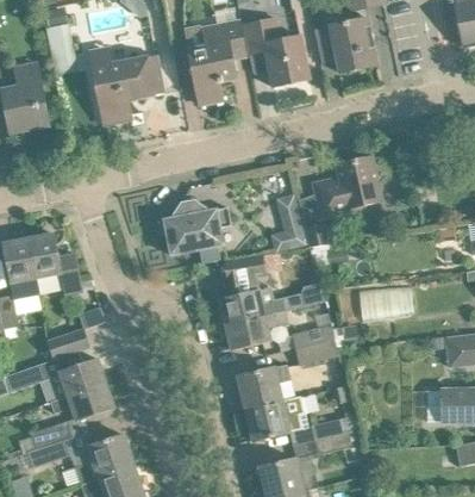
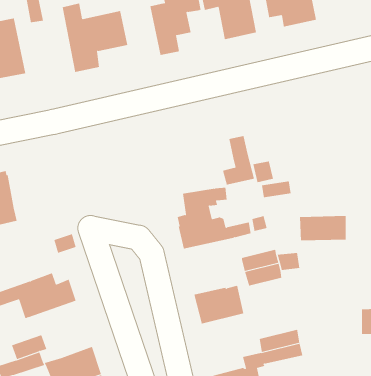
building: [314,156,381,218] -> none
building: [163,199,231,255] -> none
building: [27,234,82,294] -> none
building: [225,311,288,350] -> none
building: [46,329,89,360] -> none
building: [50,383,113,421] -> none
building: [245,396,304,441] -> none

